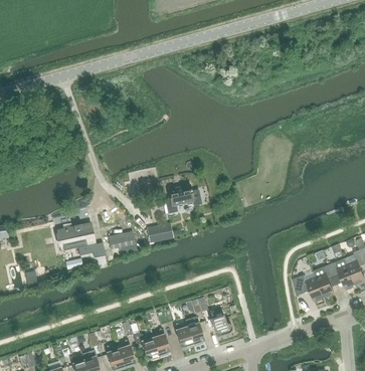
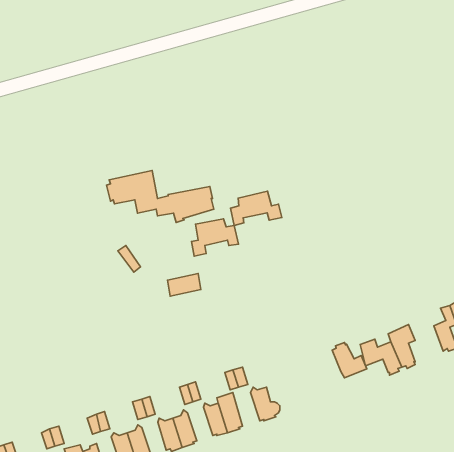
building: none -> [231,191,282,225]
building: [56,223,137,262] -> [107,170,214,223]
building: [329,258,355,290] -> none
building: none -> [332,343,367,378]

